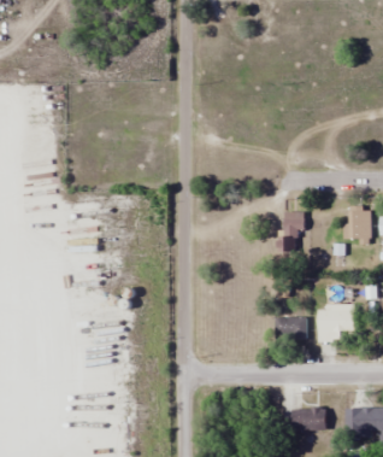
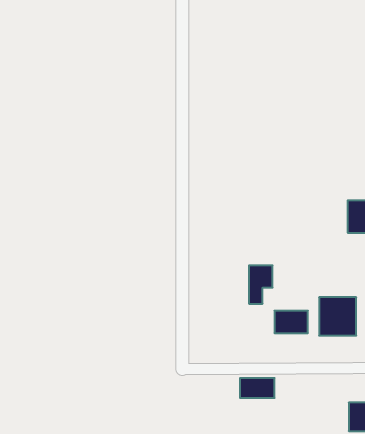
building: [282,213,305,251] -> [249,265,273,304]
building: [291,409,325,428] -> [240,378,275,398]

